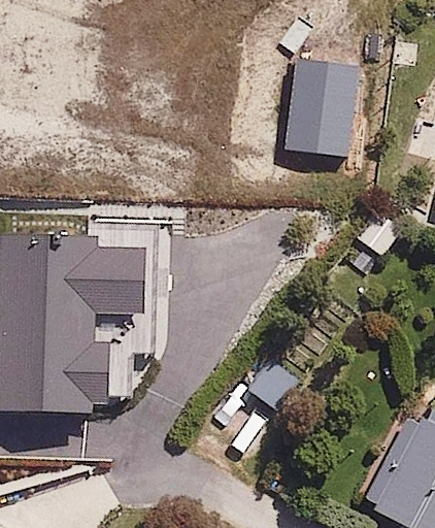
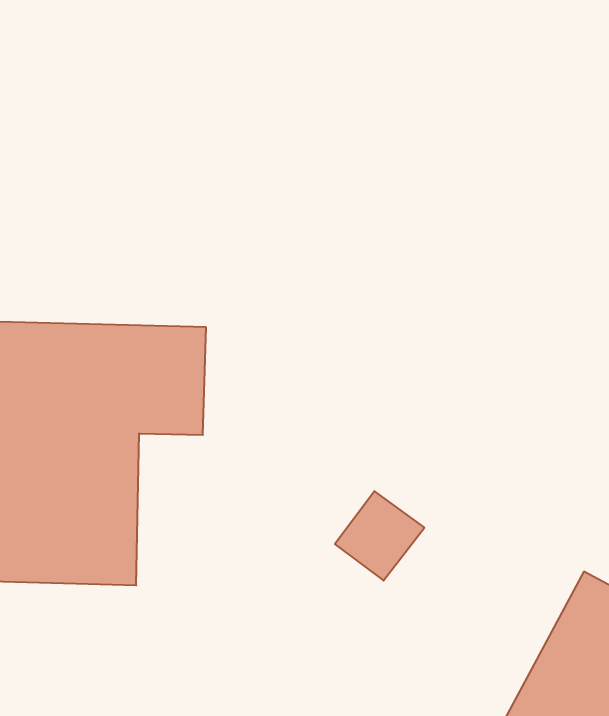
building: [278,60,354,154] -> none

